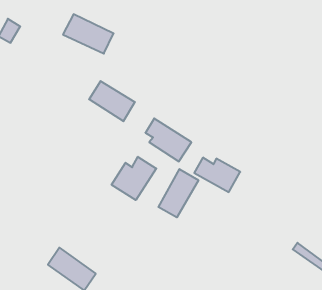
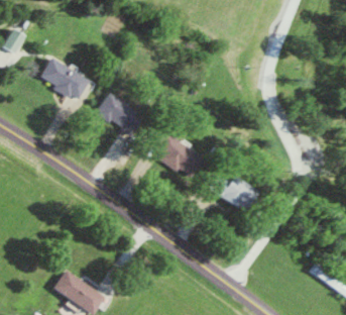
building: [63,14,114,54] -> [38,59,92,100]
building: [112,157,156,200] -> none
building: [158,169,198,217] -> none

